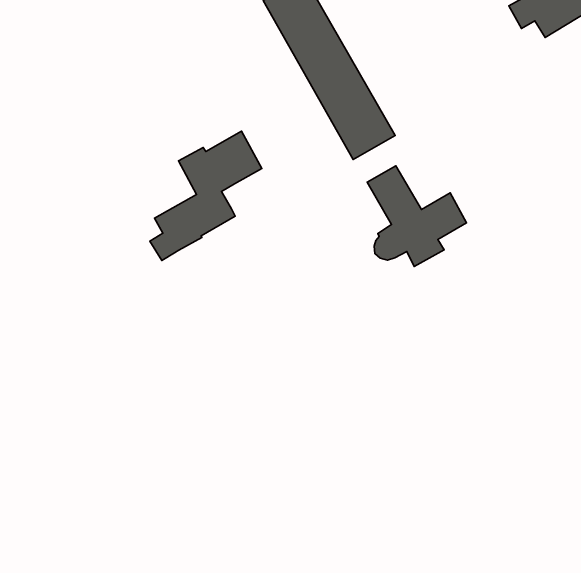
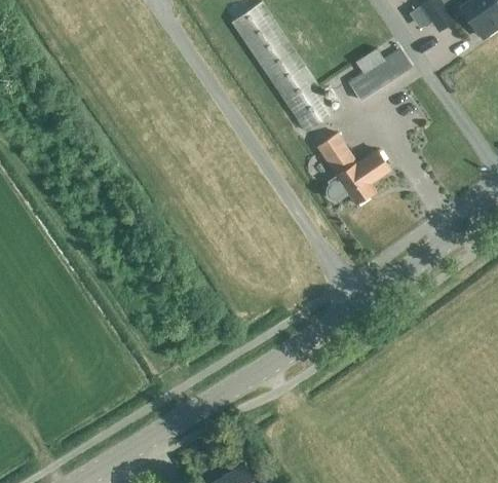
building: none -> [347,49,411,101]
building: [150,131,262,261] -> none

